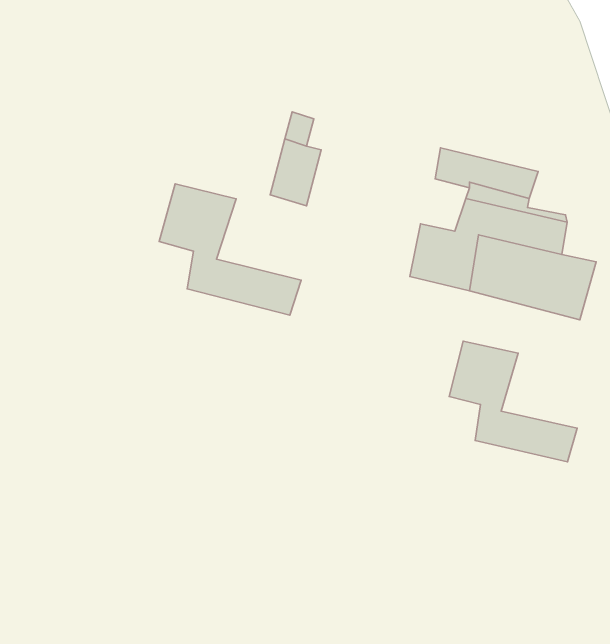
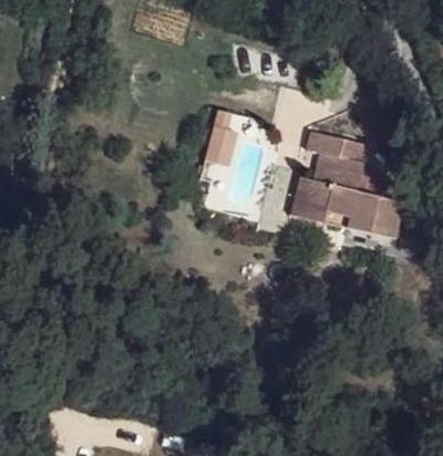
building: [159,184,301,315] -> none
building: [449,341,577,462] -> none

